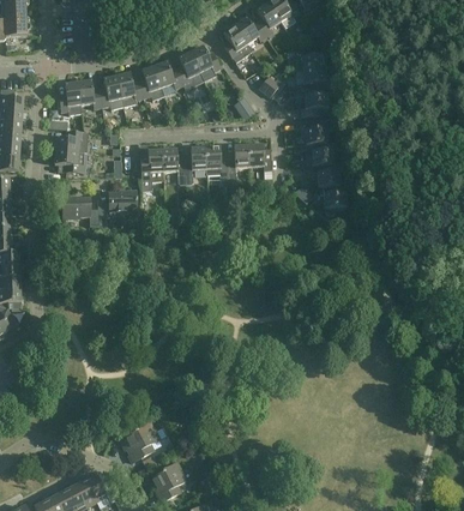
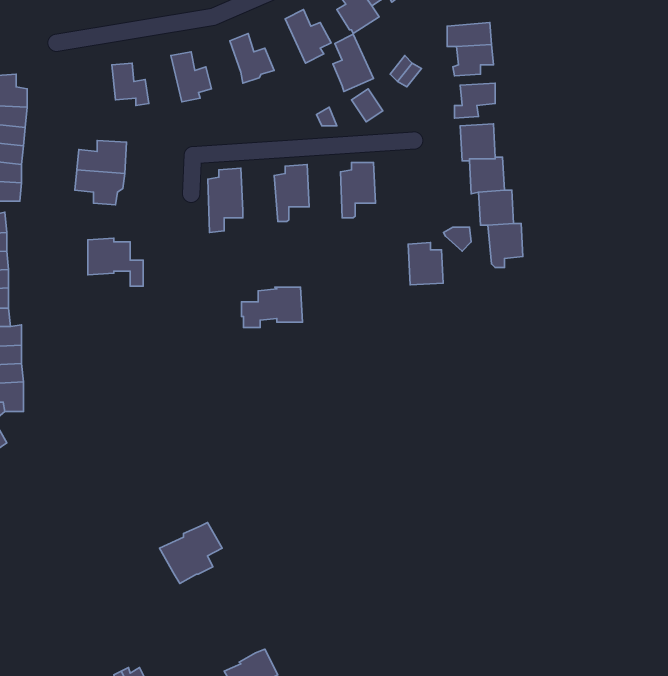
building: [176,52,203,89] -> [333,34,373,91]
building: [138,66,163,100] -> none
building: [98,76,122,109] -> none
building: [58,82,80,114] -> none
building: [247,144,270,172] -> [408,242,443,285]
building: [204,146,227,182] -> none
building: [161,149,185,185] -> none
building: [96,190,135,216] -> [242,287,302,328]
building: [117,421,158,461] -> [160,523,222,583]

